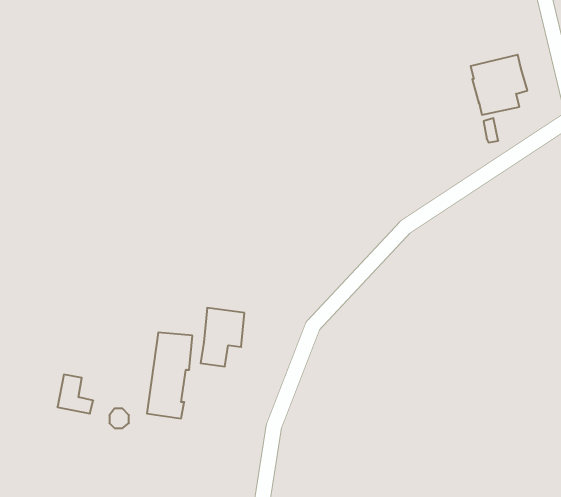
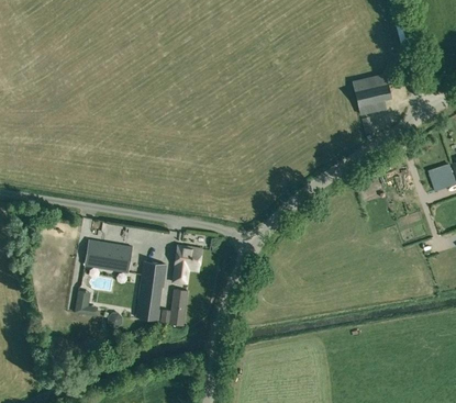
building: none -> [85,238,133,273]
building: none -> [159,288,188,325]

